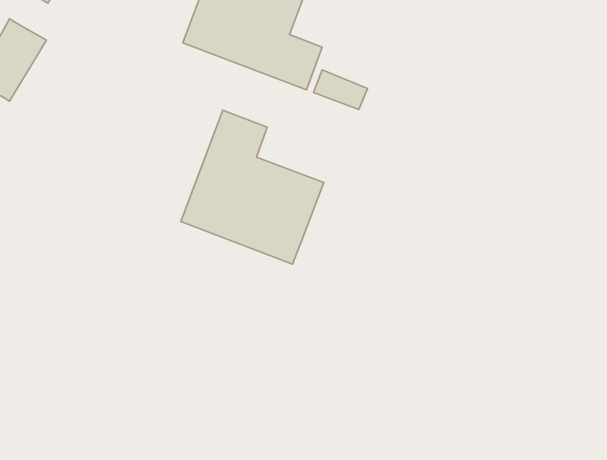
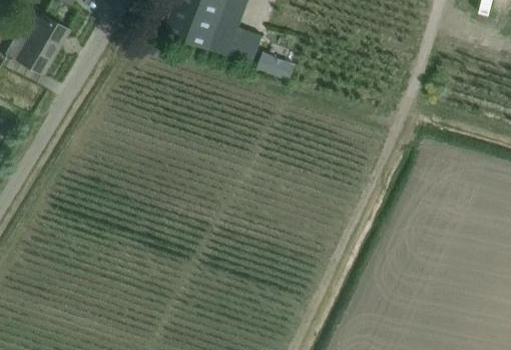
building: [181,110,324,264] -> none

